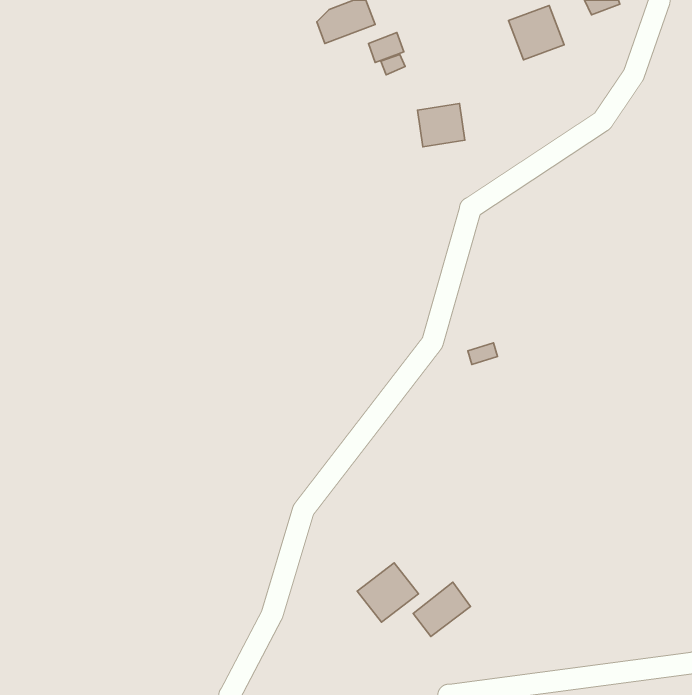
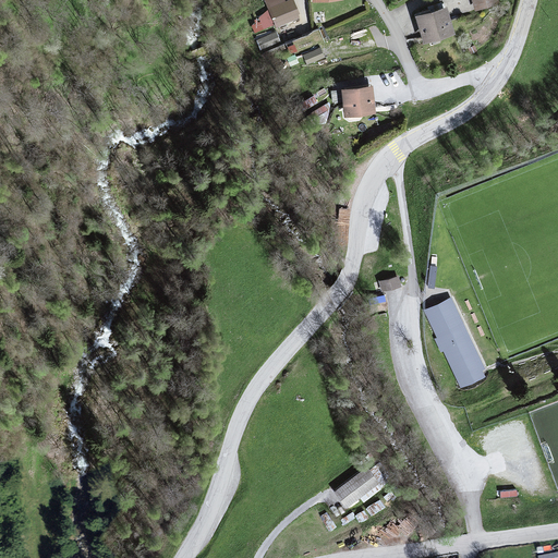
building: none -> [423,298,488,387]
building: [357,563,418,622] -> none

